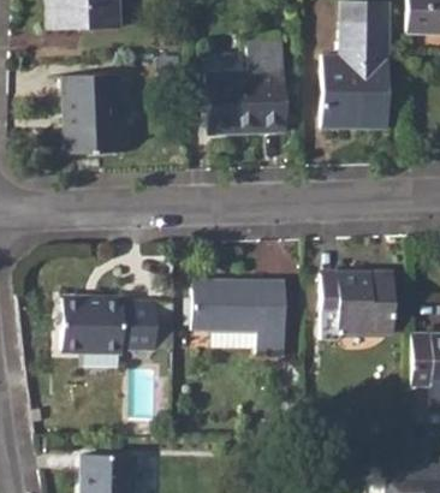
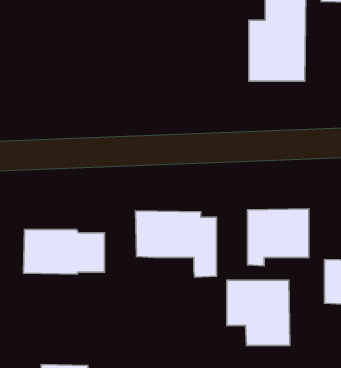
building: [206,41,286,133] -> none
building: [54,75,121,154] -> none
building: none -> [227,280,290,345]

